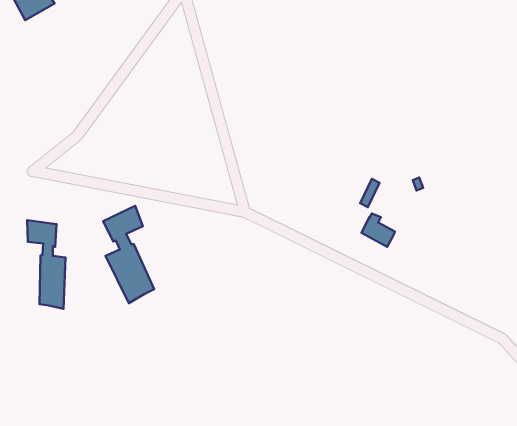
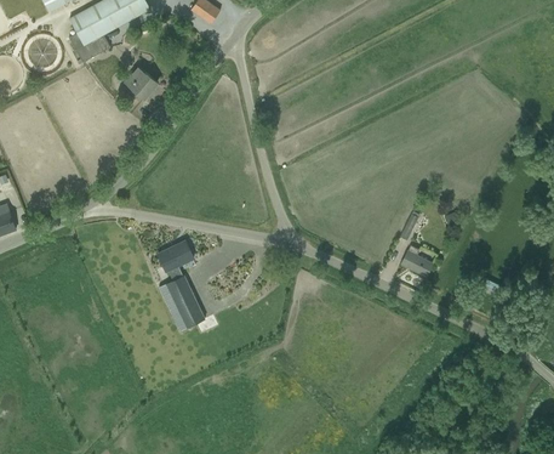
building: none -> [121,66,158,100]
building: [27,220,66,309] -> none

